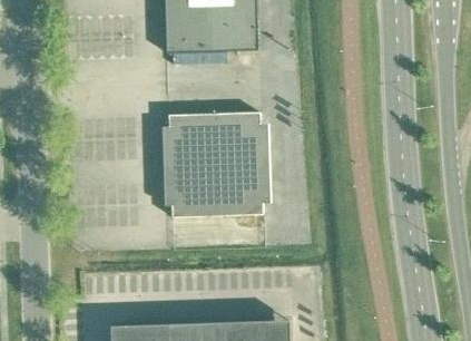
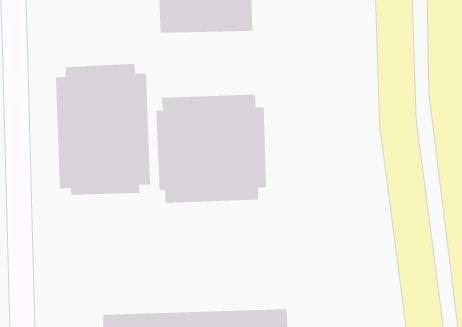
building: none -> [55,63,151,195]

